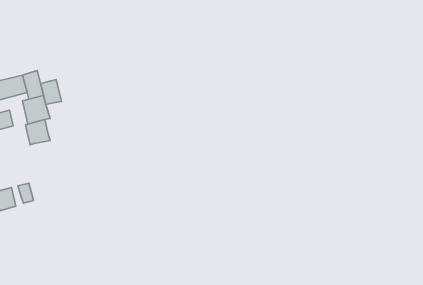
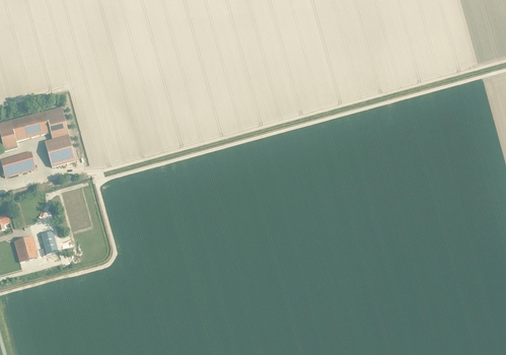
building: [41,79,62,105] -> none
building: [25,120,50,145] -> none

